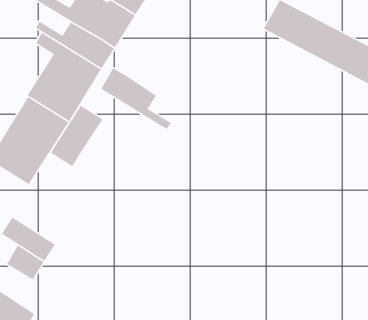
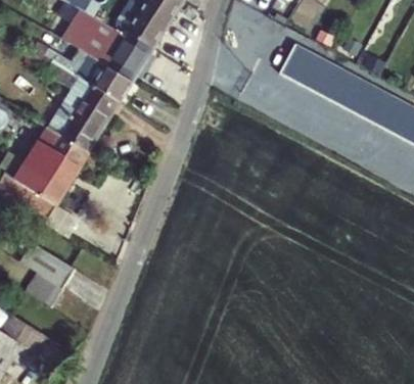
building: [100,68,172,130] -> none
building: [50,105,103,167] -> none

